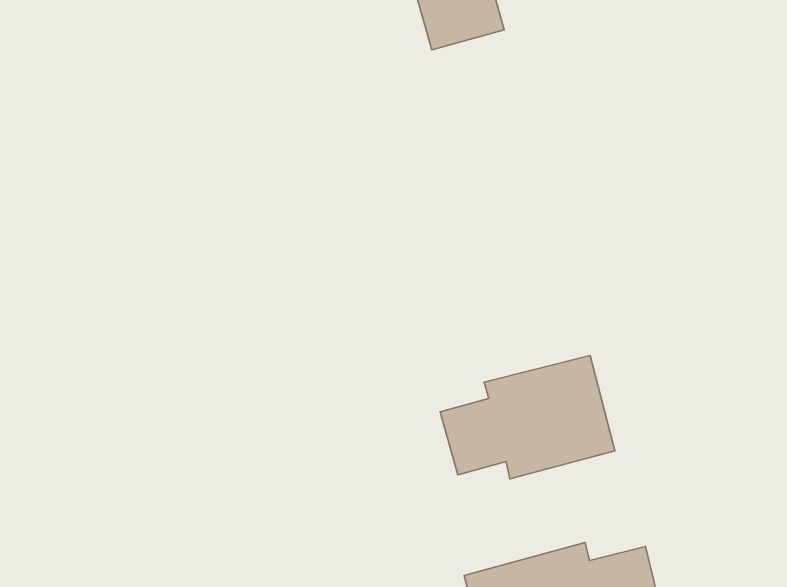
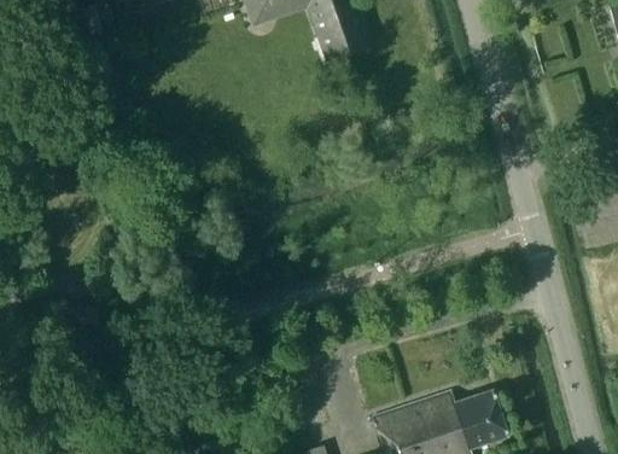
building: [440,356,615,479] -> none

